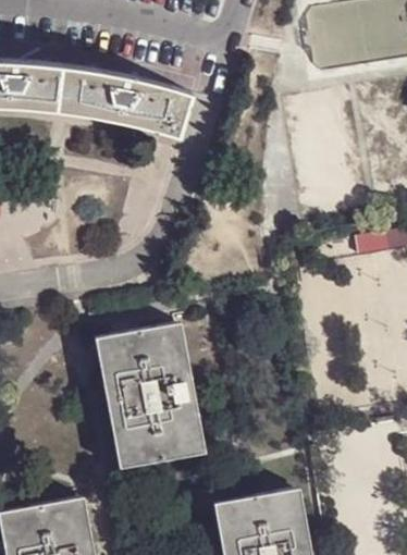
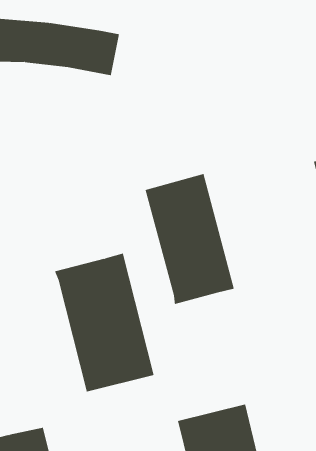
building: none -> [145,173,235,305]

